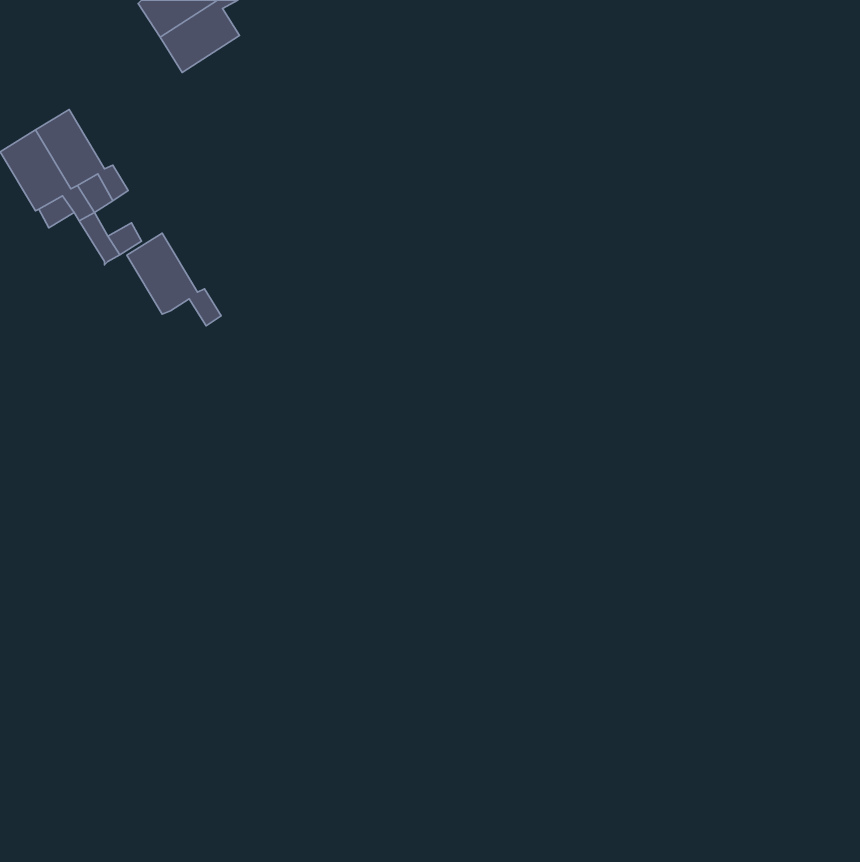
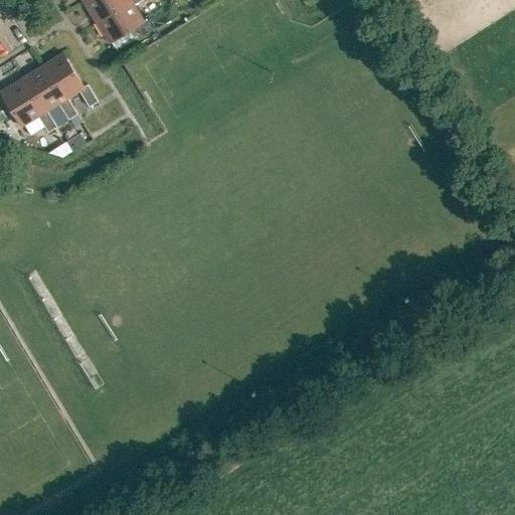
building: [127,233,221,326] -> [41,52,98,108]

